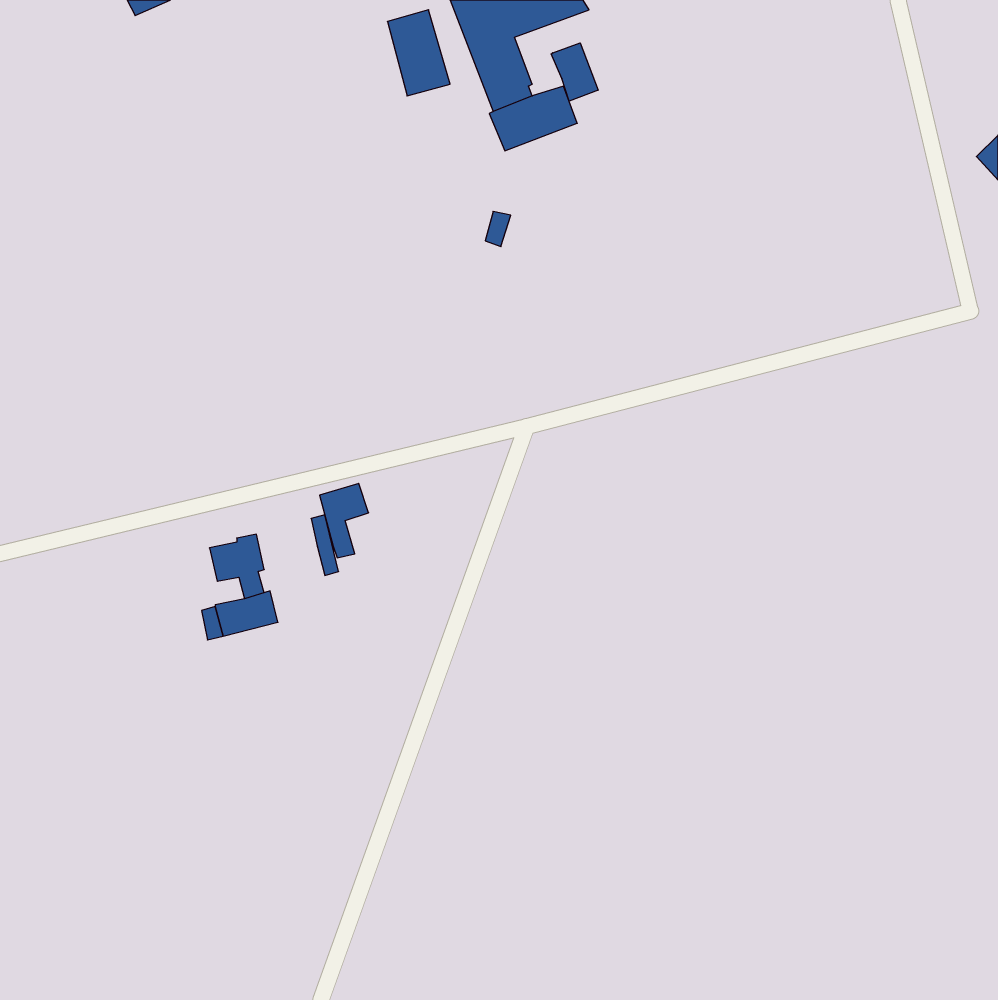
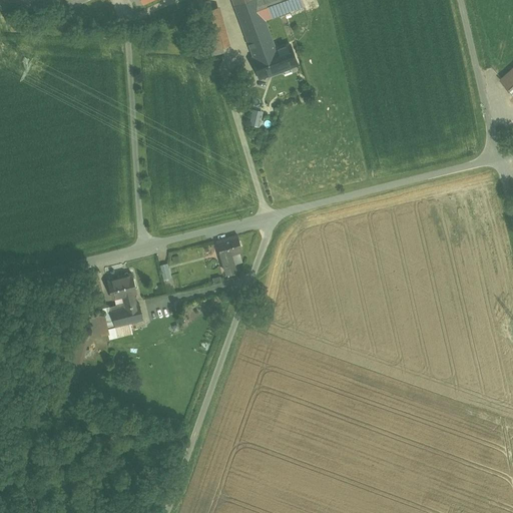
building: [551,43,598,101] -> none
building: [320,483,369,558] -> [216,235,241,274]

